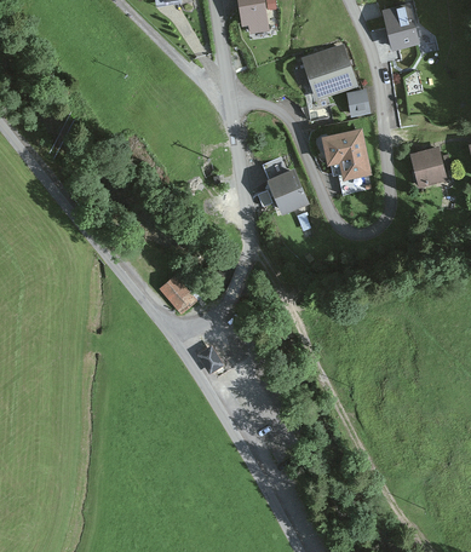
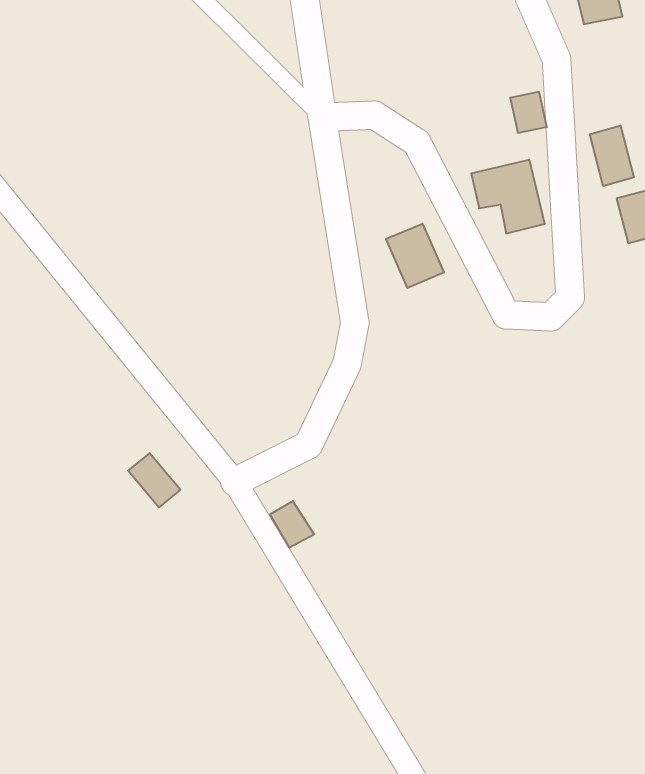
building: [304,48,354,97] -> none
building: none -> [590,126,634,186]
building: [161,277,194,311] -> [128,453,180,507]

